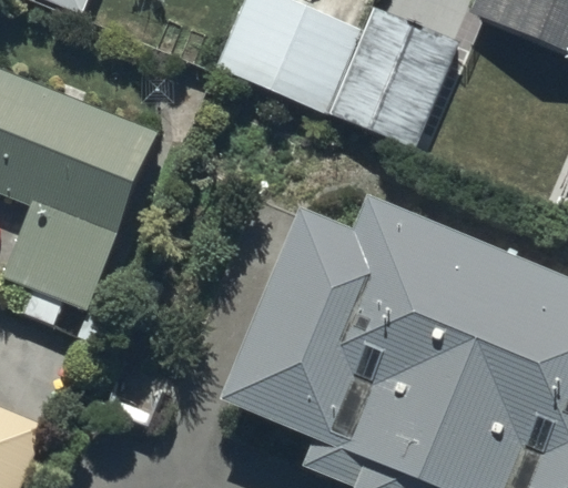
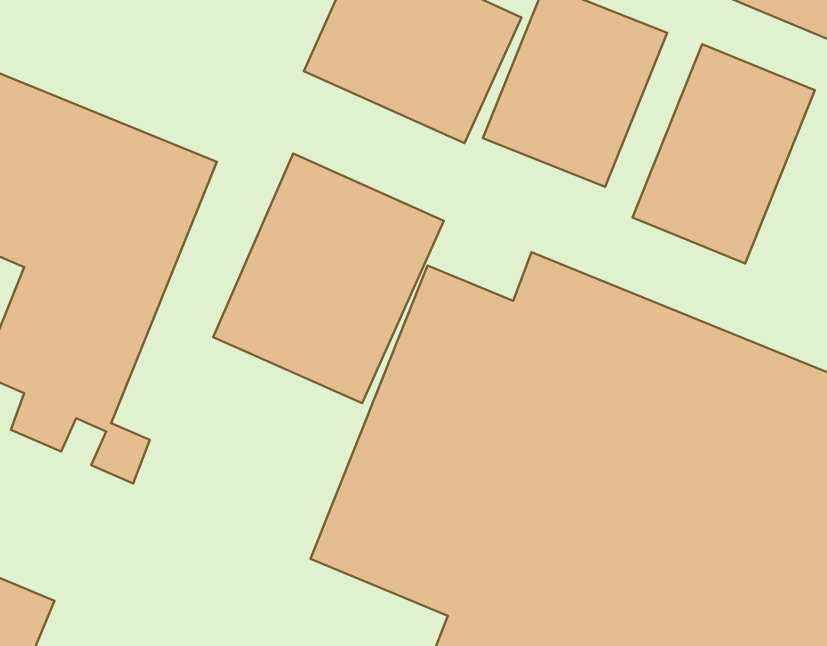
building: none -> [633,44,815,264]
building: none -> [213,153,444,403]

